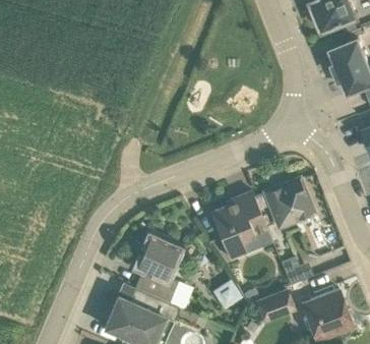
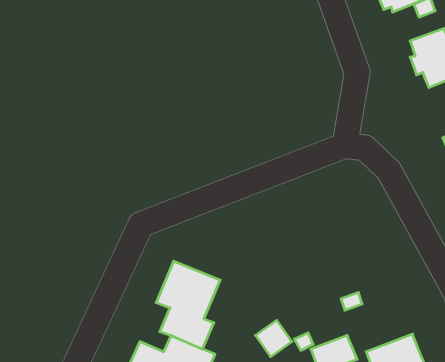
building: [265,180,315,228] -> none
building: [210,192,266,248] -> none

